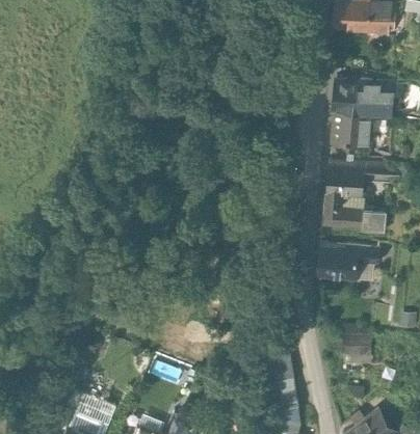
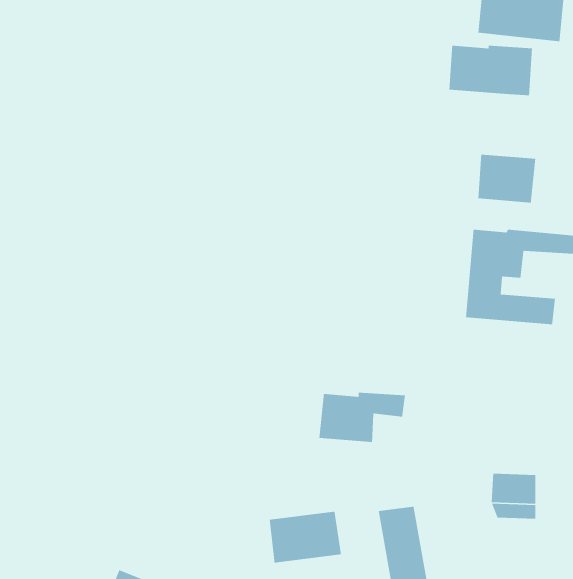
building: [334,81,392,116] -> [449,45,533,96]
building: [318,246,378,281] -> [319,392,406,443]
building: none -> [269,511,342,564]

